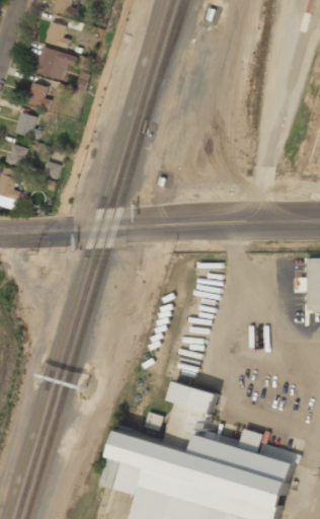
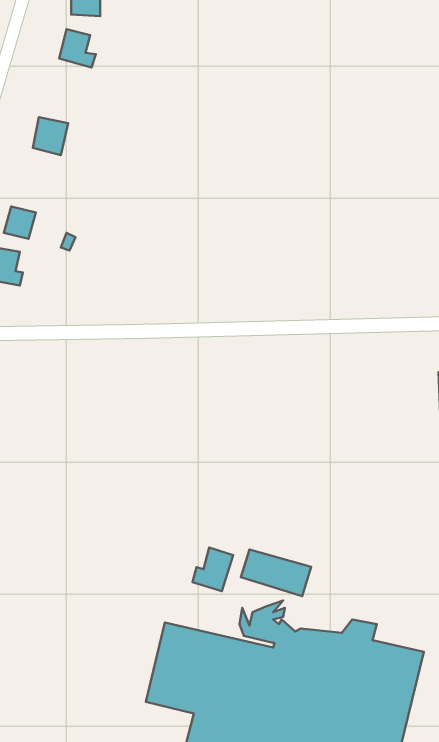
building: [34,46,76,79] -> none
building: [16,113,41,138] -> none
building: none -> [192,548,233,591]

